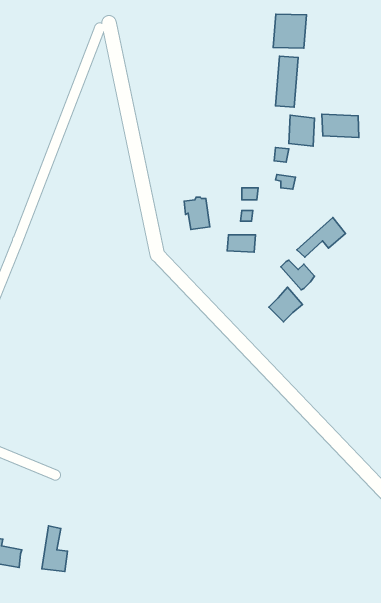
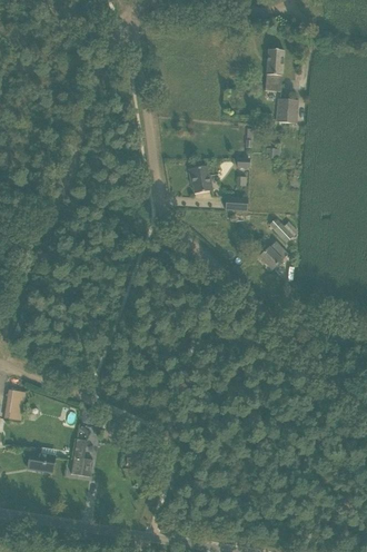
building: [273,14,306,48] -> none
building: [322,114,359,138] -> none
building: [297,218,346,257] -> none

